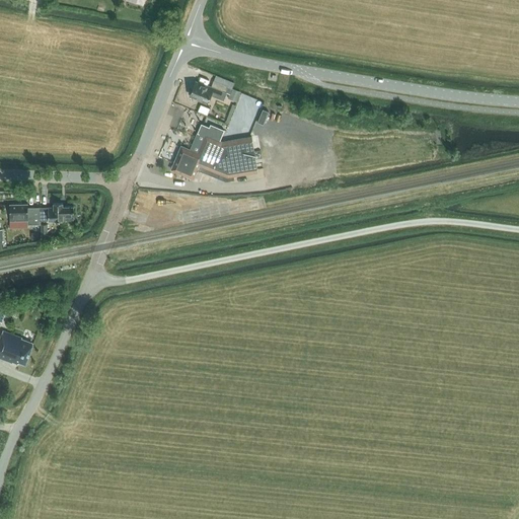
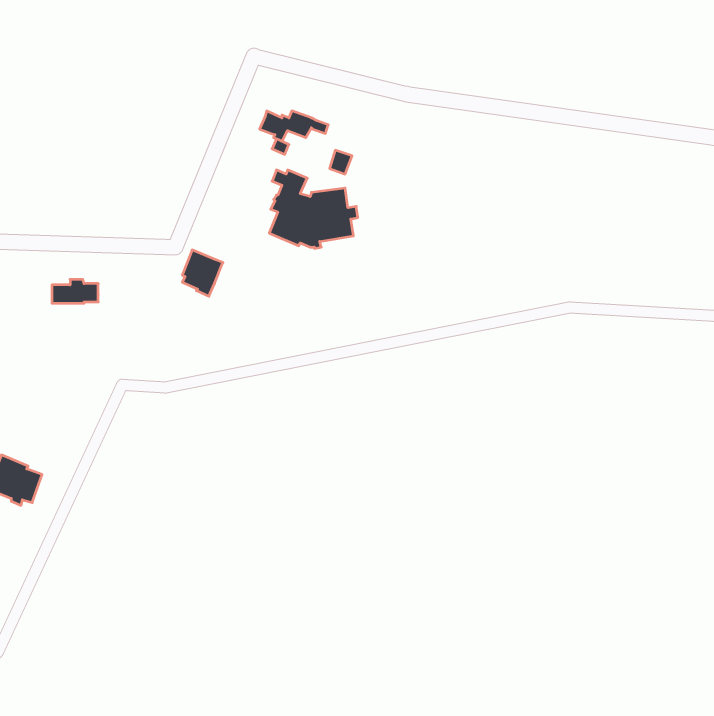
building: [171,144,201,177] -> [182,250,223,296]
building: [7,202,38,223] -> none

